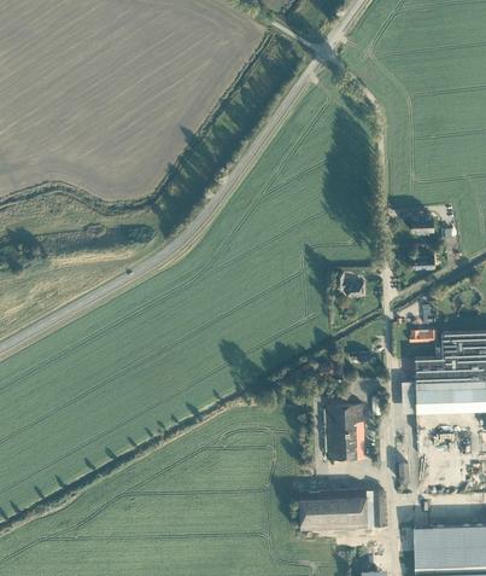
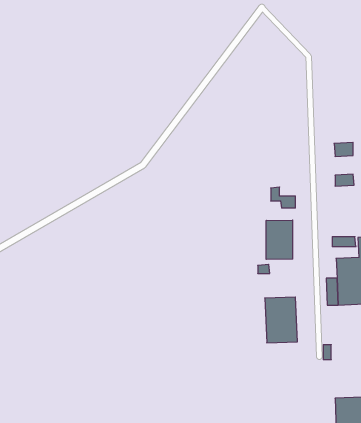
building: none -> [266,220,293,259]
building: [300,489,388,533] -> none

